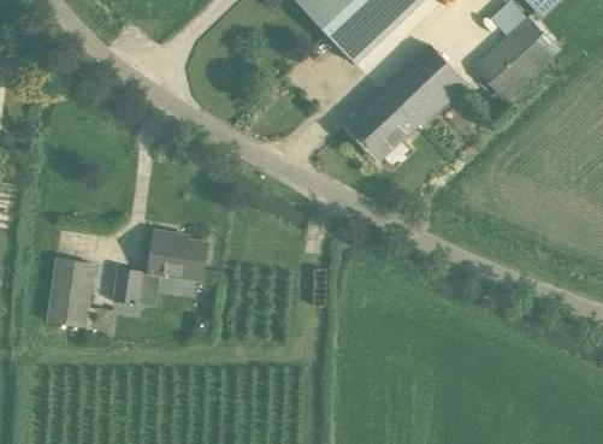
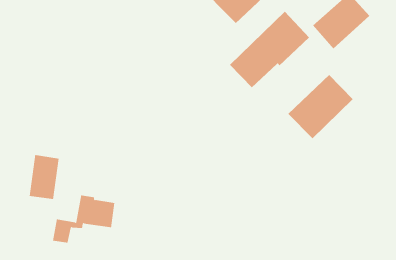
building: none -> [287,74,354,139]
building: [112,231,206,303] -> [52,195,115,243]

